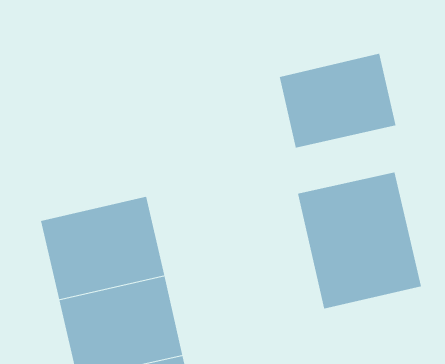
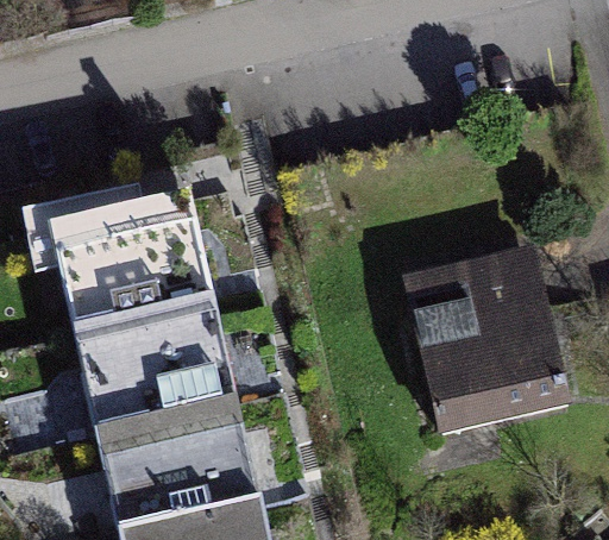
building: [279,53,396,148] -> none
building: none -> [44,178,208,315]

